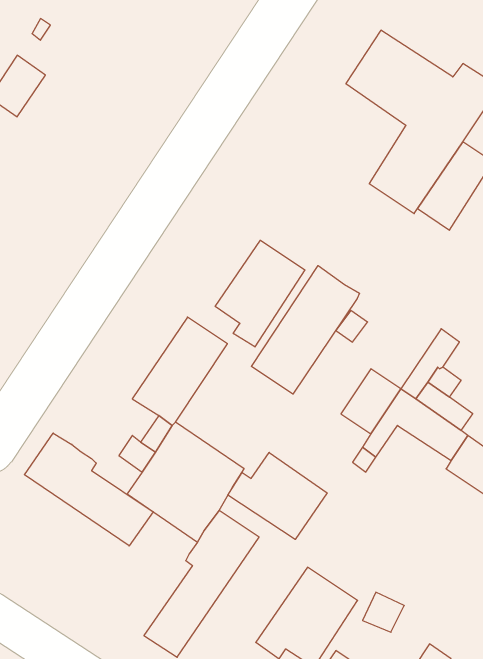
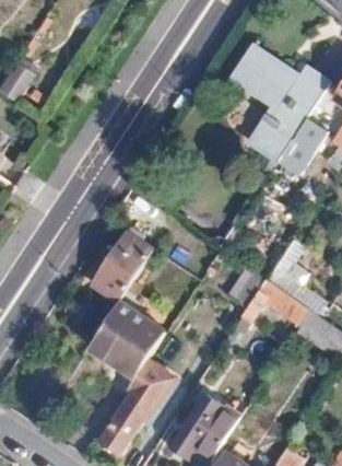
building: [215,240,305,347] -> none
building: [251,266,360,394] -> none
building: [24,433,153,546] -> none
building: [228,452,327,539] -> none

